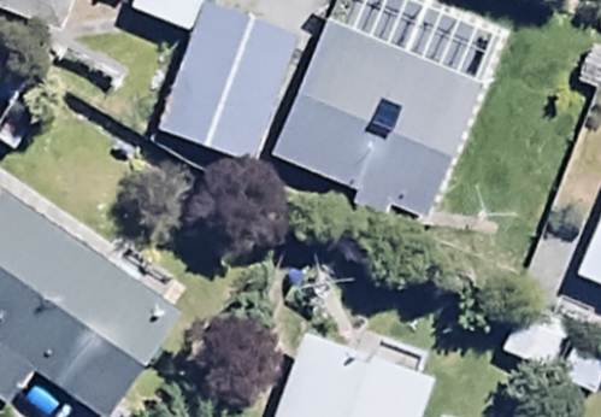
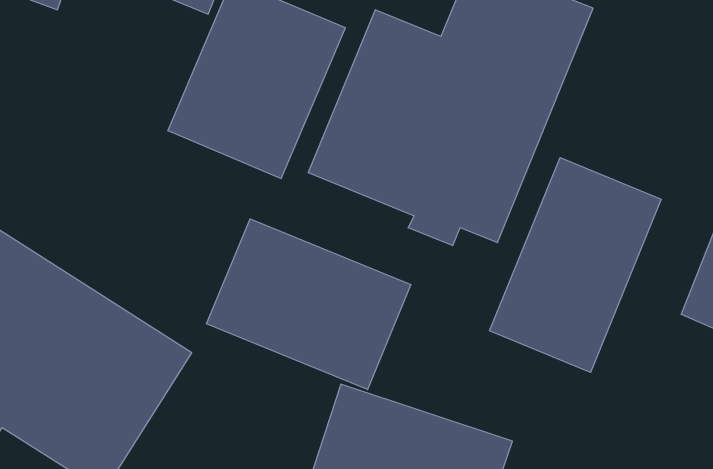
building: none -> [490,158,661,372]
building: none -> [207,219,411,390]

